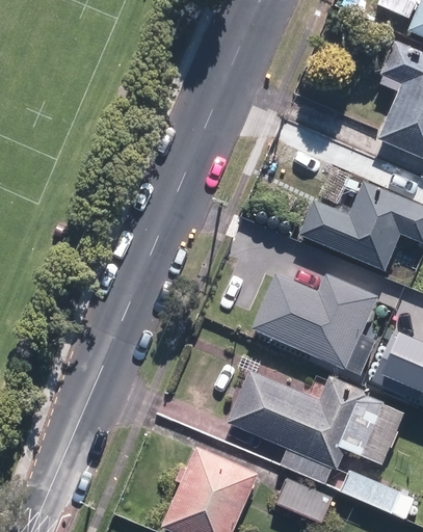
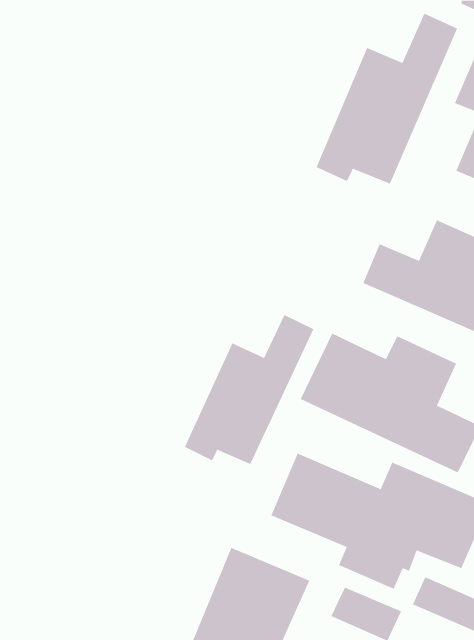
building: none -> [316,13,458,184]
building: none -> [184,314,314,465]

